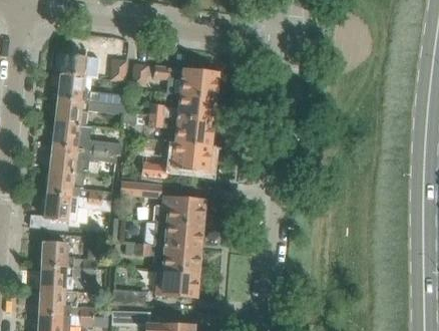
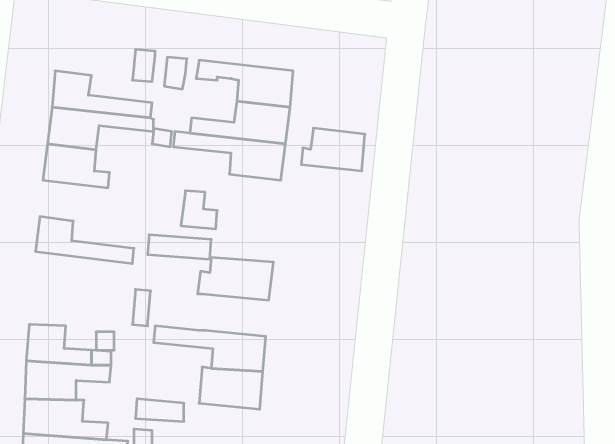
building: [55,53,105,77] -> none
building: [167,140,209,169] -> [301,128,365,171]
building: [50,144,106,173] -> none
building: [44,192,111,221] -> none
building: [155,220,201,248] -> none

